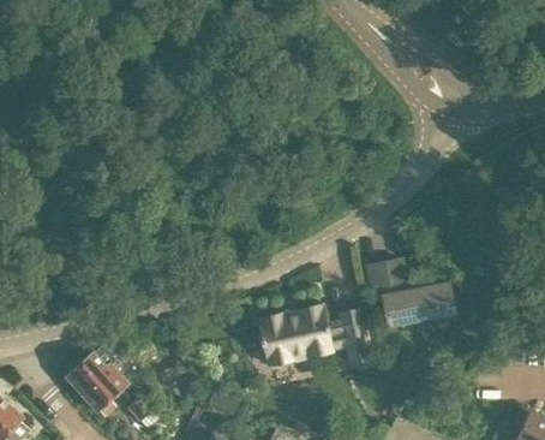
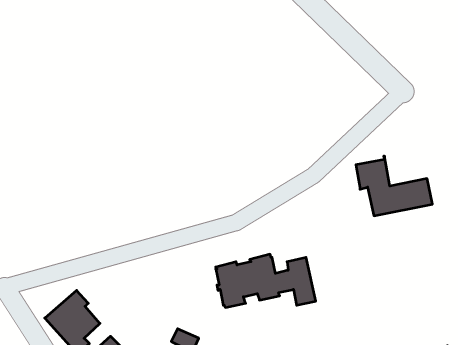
building: [367,257,454,325] -> [356,156,432,216]

